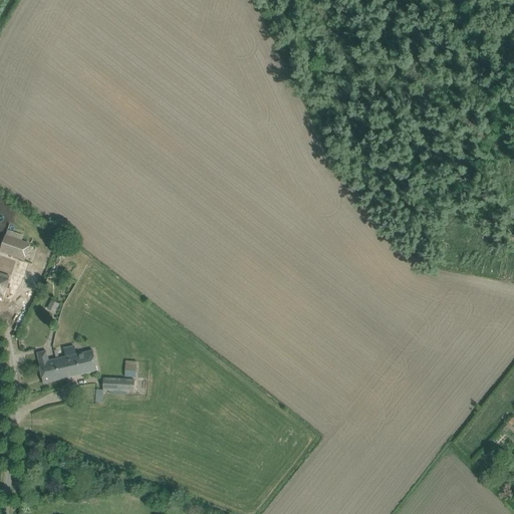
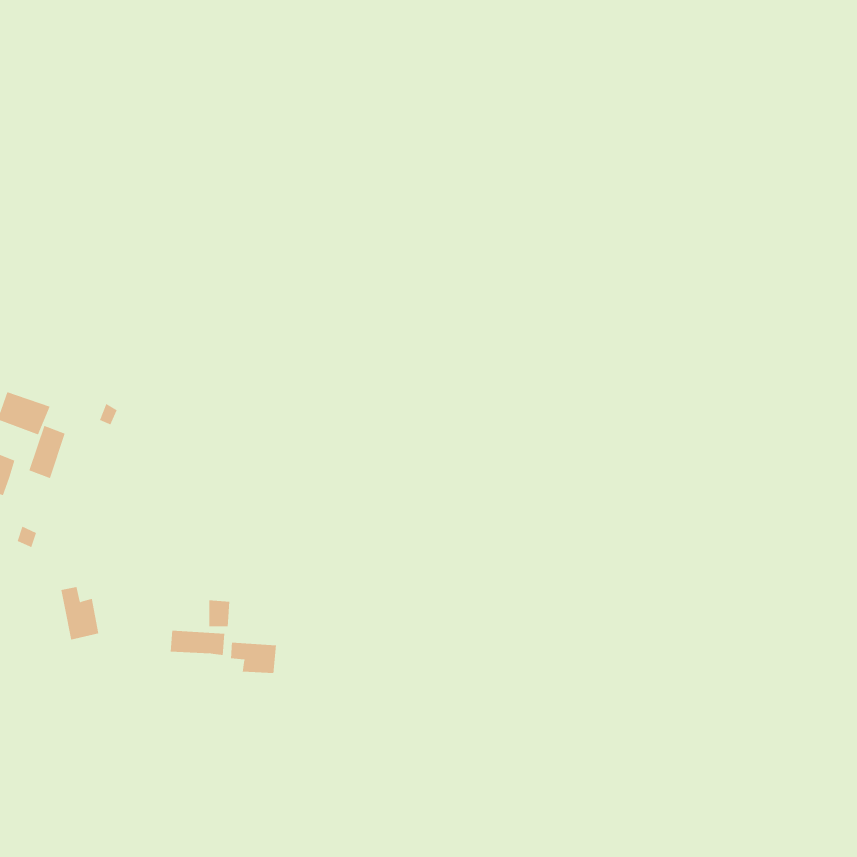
building: [55,345,97,378] -> none
building: none -> [230,642,276,674]

